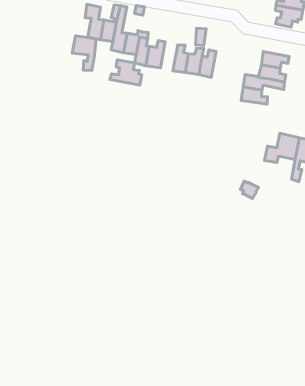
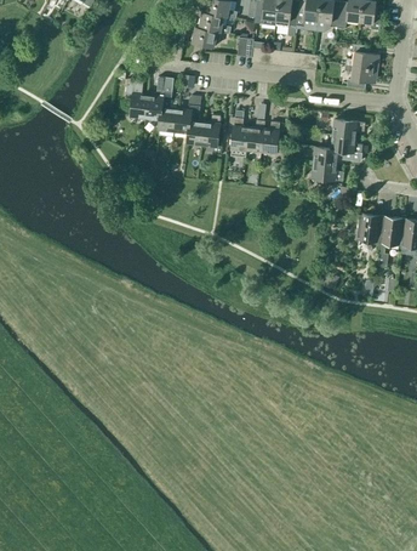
building: [72,36,96,71] -> none
building: [110,60,142,85] -> none

